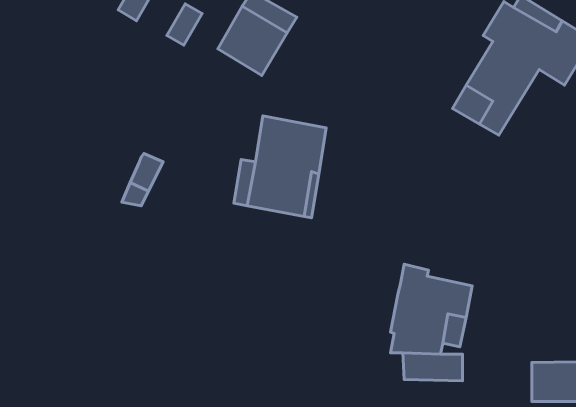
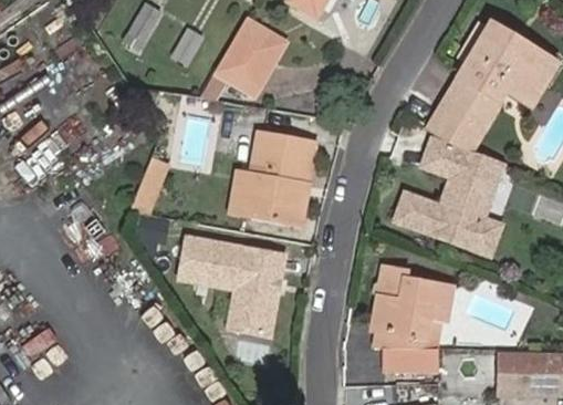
building: none -> [392,133,507,257]
building: none -> [185,240,289,338]

